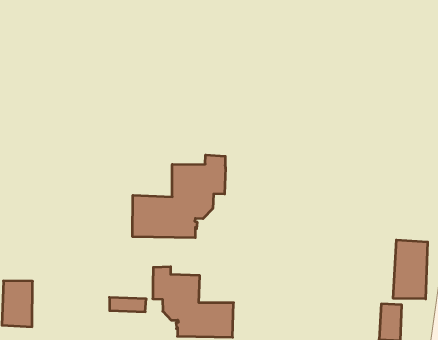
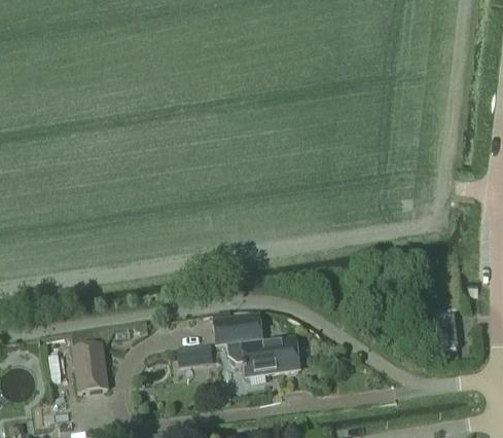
building: [133,155,225,238] -> none
building: [393,240,428,299] -> none

